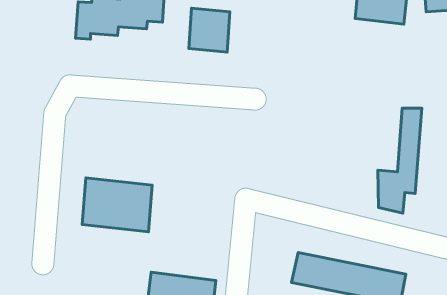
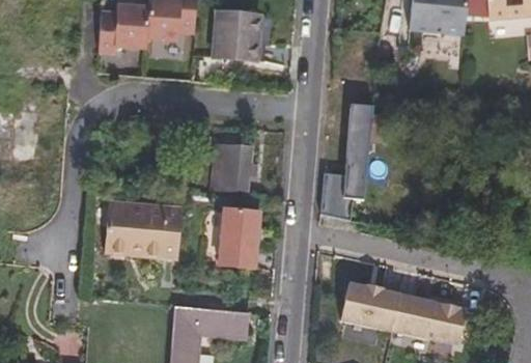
building: [378,108,422,213] -> [325,102,373,218]
building: none -> [209,146,255,194]
building: none -> [218,212,257,269]

